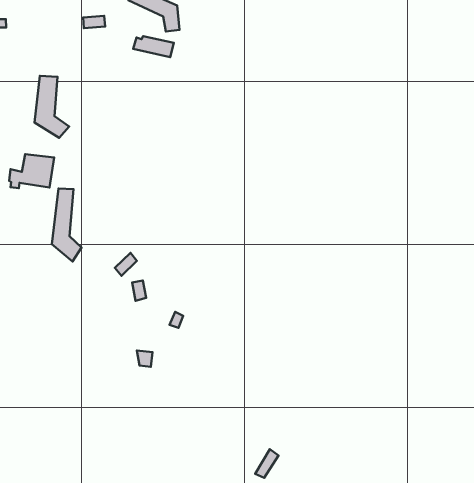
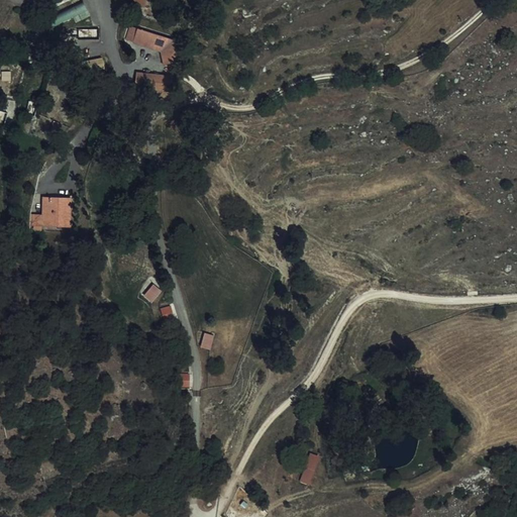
building: [34,76,69,138] -> none
building: [52,189,81,261] -> none

